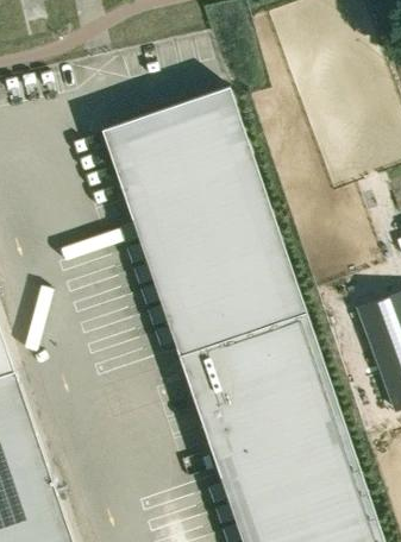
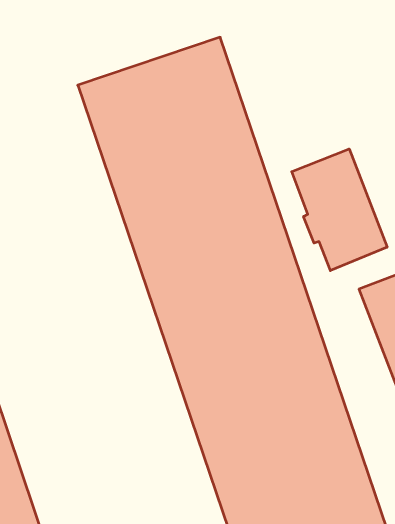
building: none -> [292,149,387,271]

